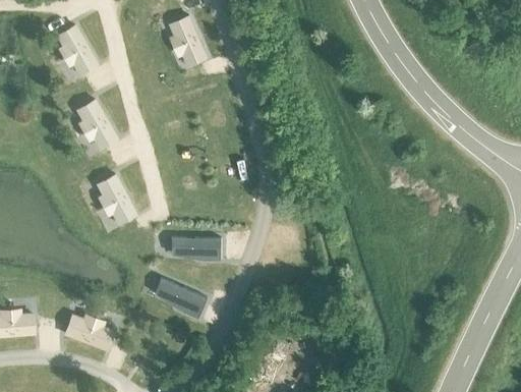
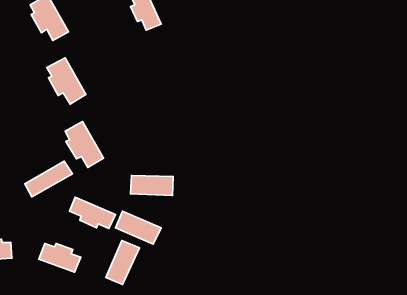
building: none -> [25,161,72,197]
building: none -> [70,197,115,228]
building: none -> [106,240,139,285]

